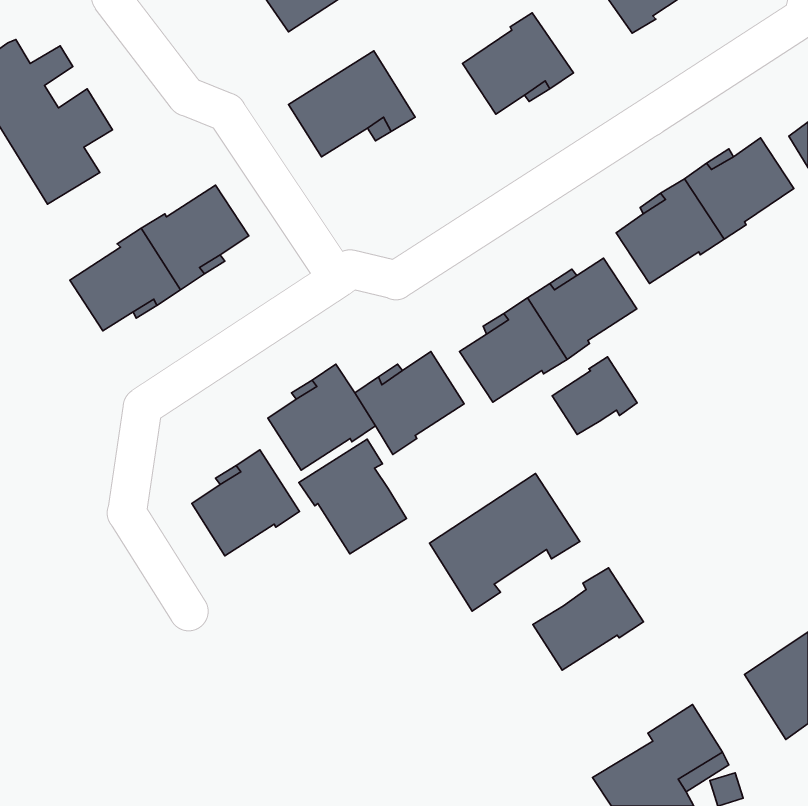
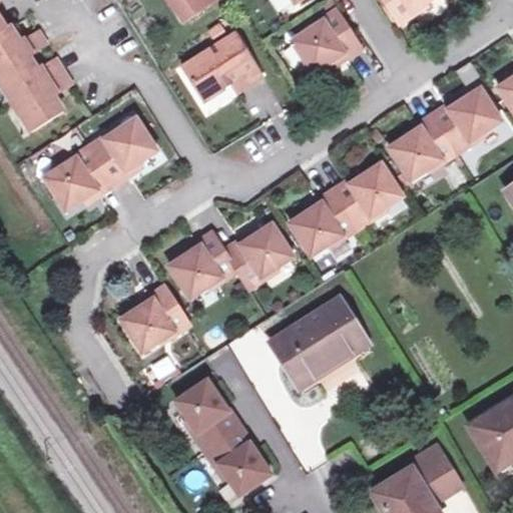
building: [552,357,637,435] -> none
building: [299,439,406,554] -> none
building: [533,568,643,670] -> none
building: none -> [176,380,272,496]

